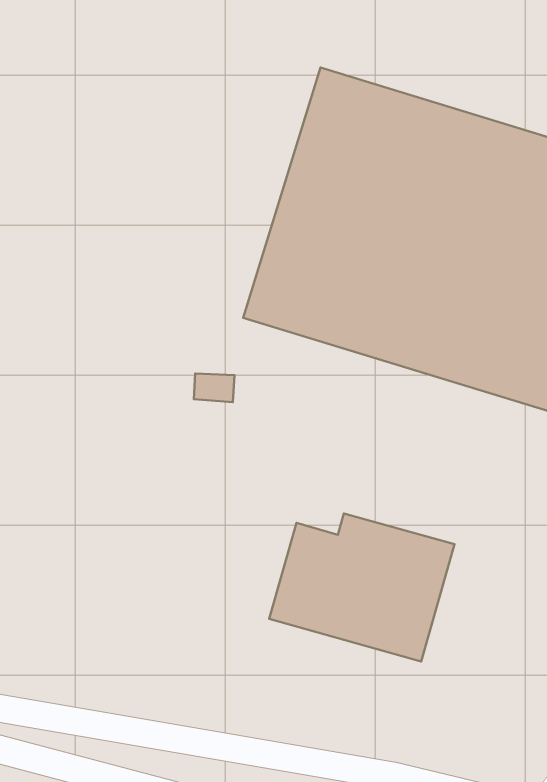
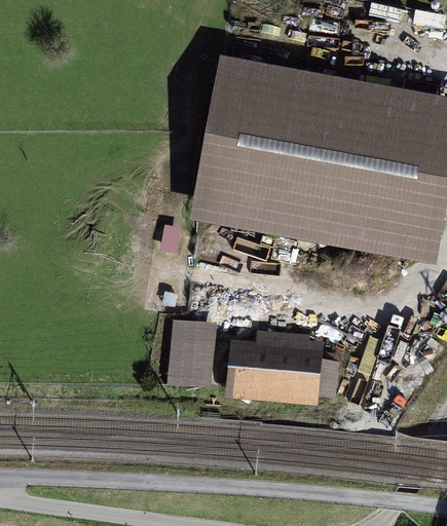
building: none -> [175,318,210,376]

